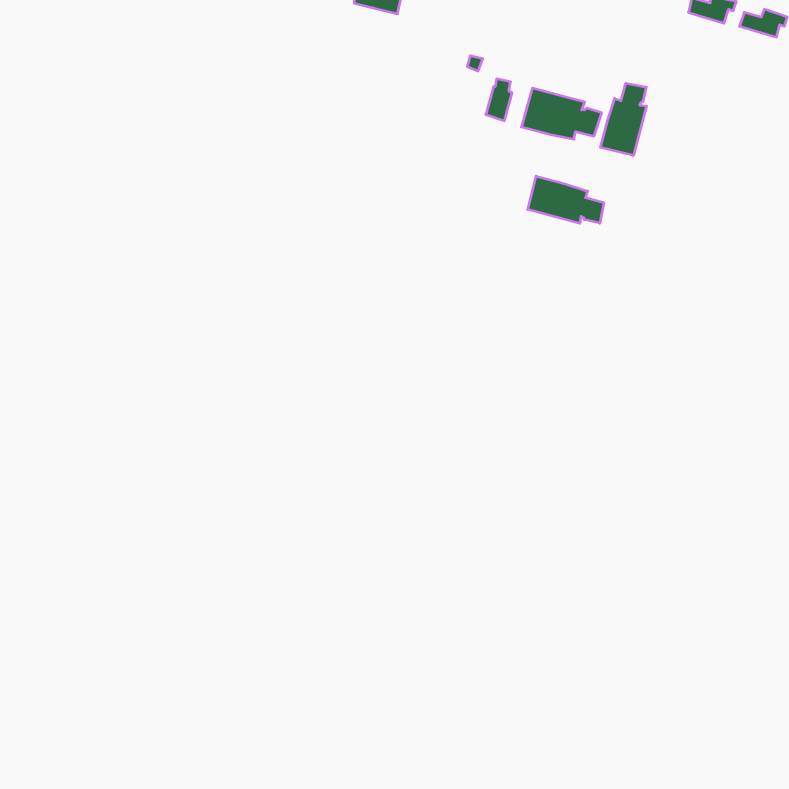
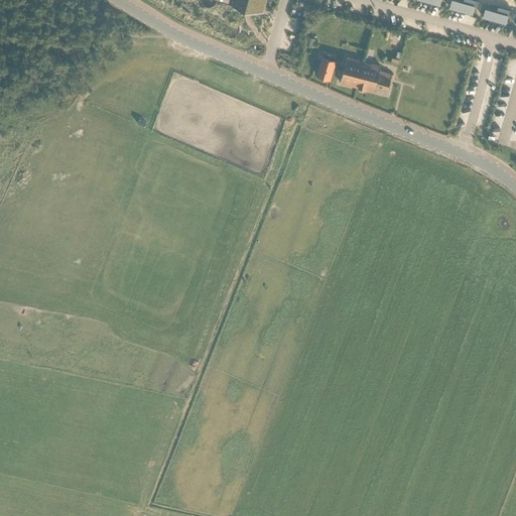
building: [600,83,647,156] -> none
building: [528,176,604,223] -> none

